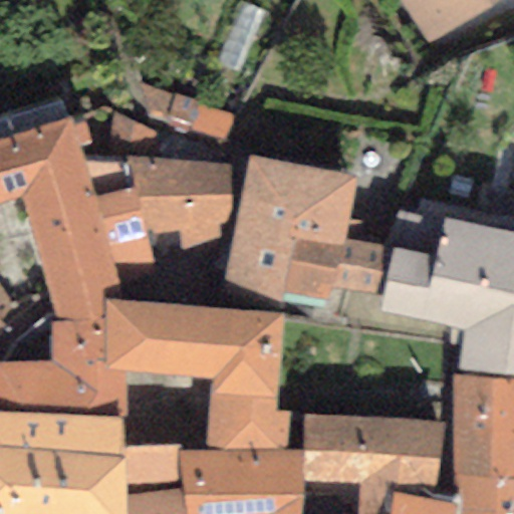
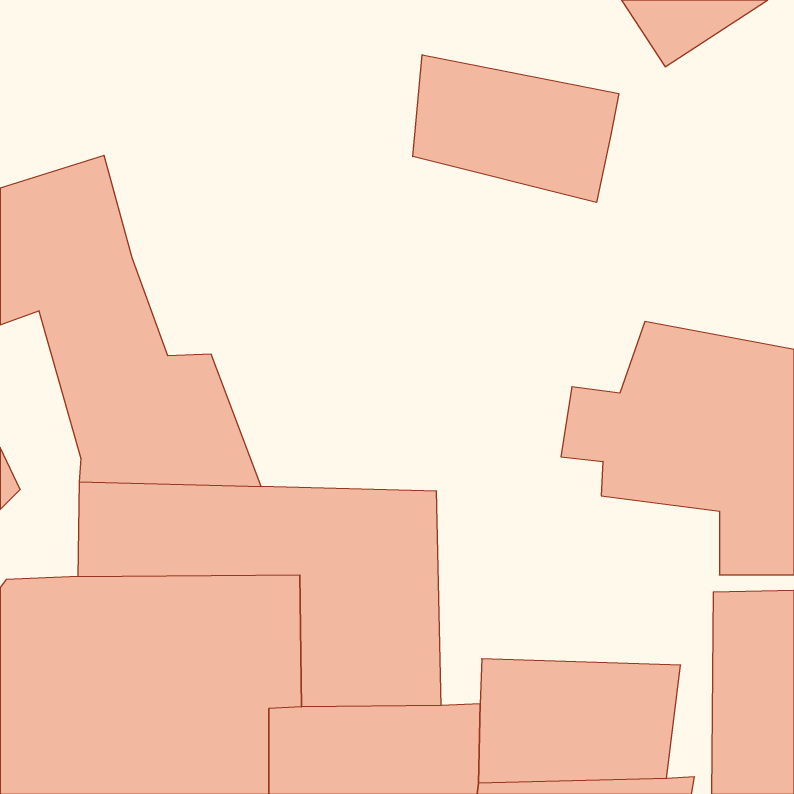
building: none -> [413,55,619,202]
building: [85,117,223,230] -> none
building: [239,171,369,295] -> none

